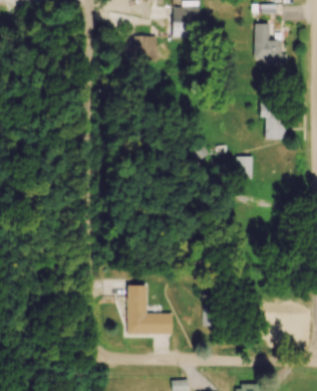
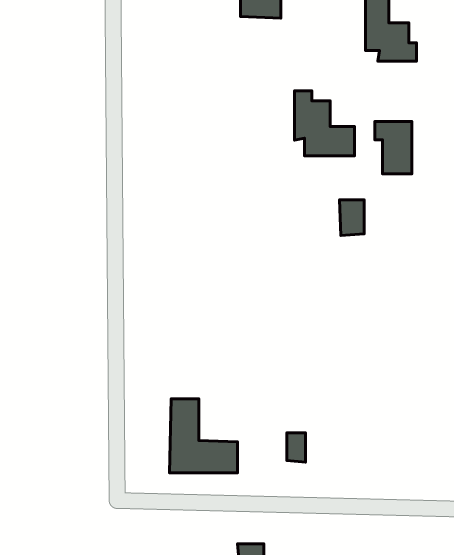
building: [135,36,157,61] -> none
building: none -> [295,91,355,156]

